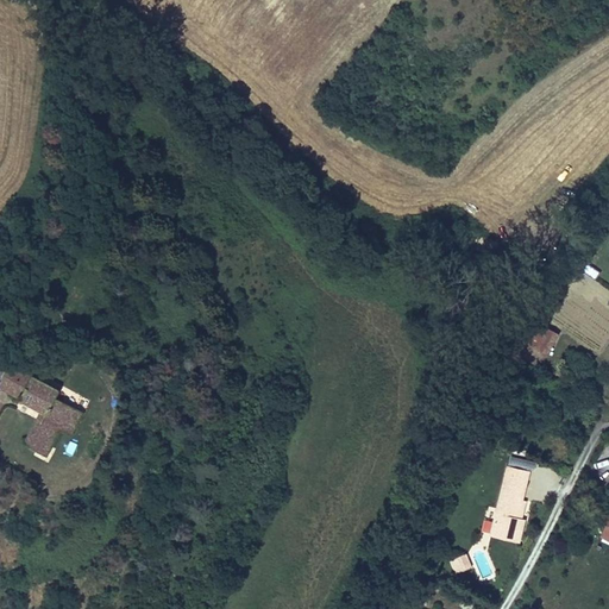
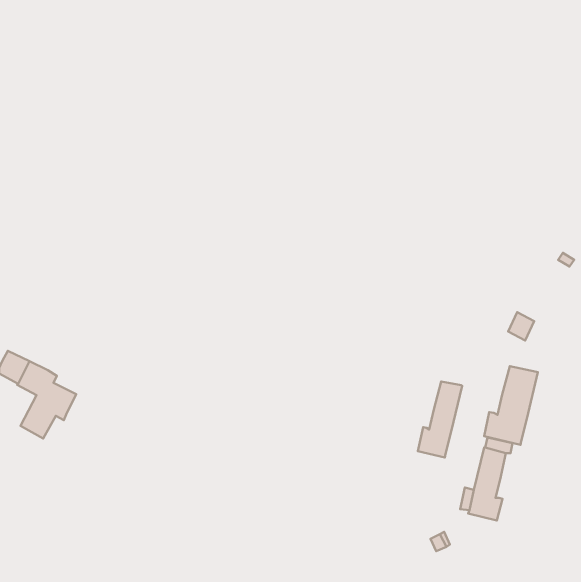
building: none -> [484,366,538,445]
building: none -> [418,381,462,458]

